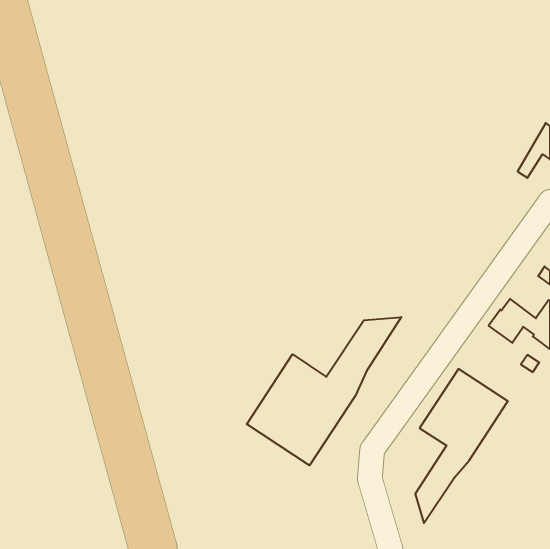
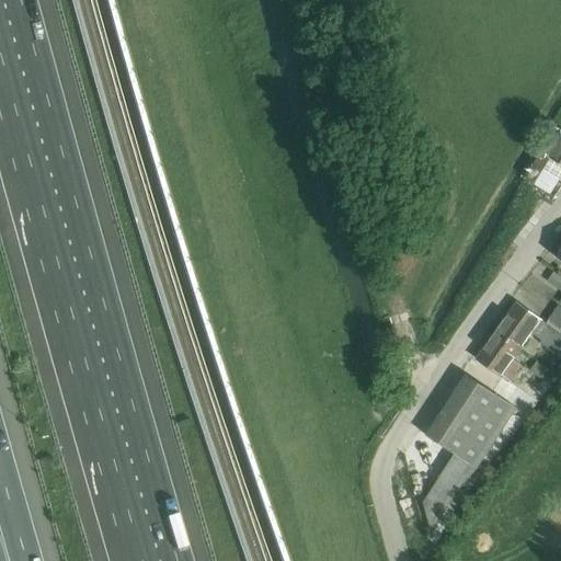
building: [247,317,401,465] -> none
building: none -> [477,331,520,381]

